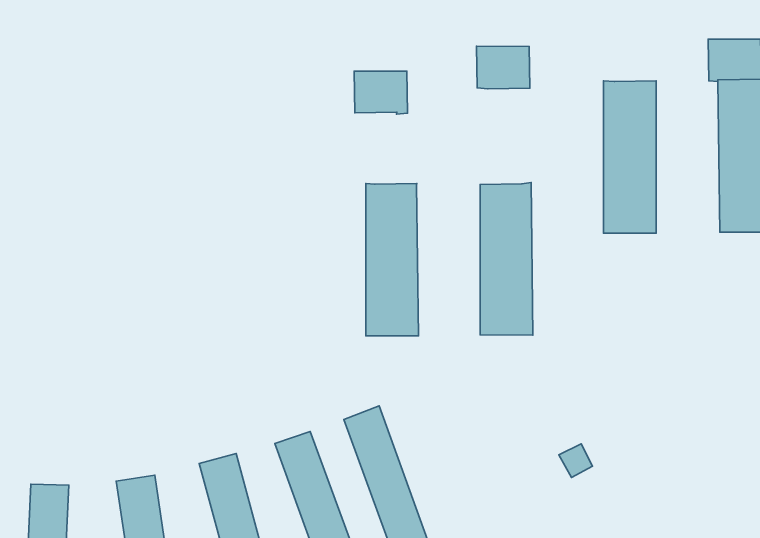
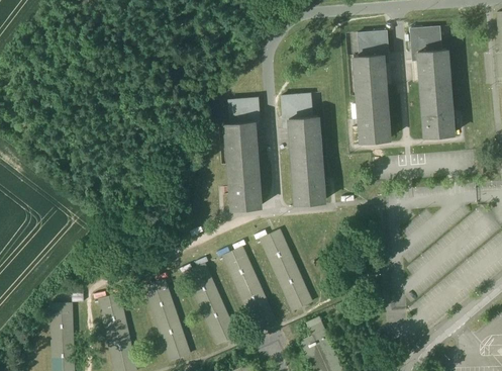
building: none -> [358,30,388,56]
building: [476,46,530,89] -> [281,93,312,118]
building: [354,71,408,114] -> [228,97,260,122]
building: none -> [260,228,312,309]

